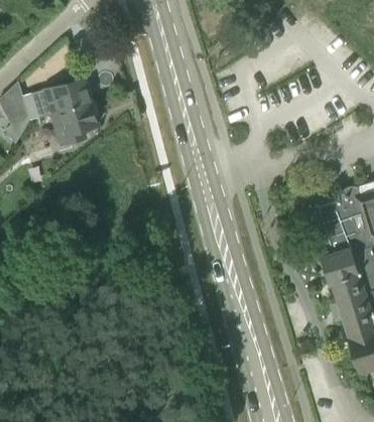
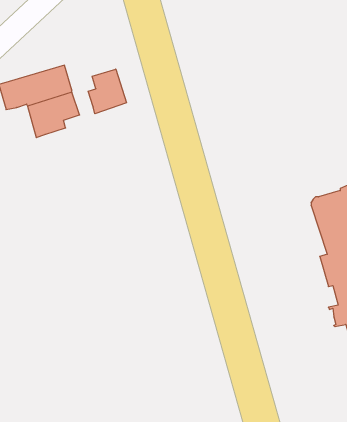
building: none -> [88,69,126,114]

